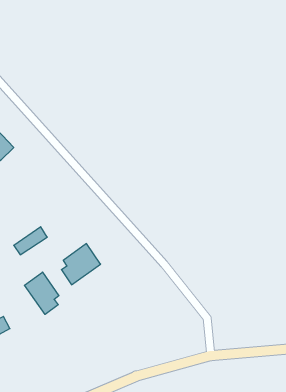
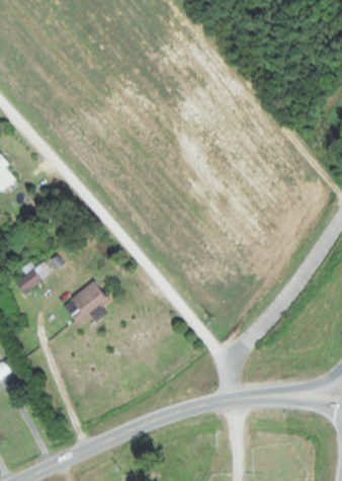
building: [24,272,59,314] -> none

